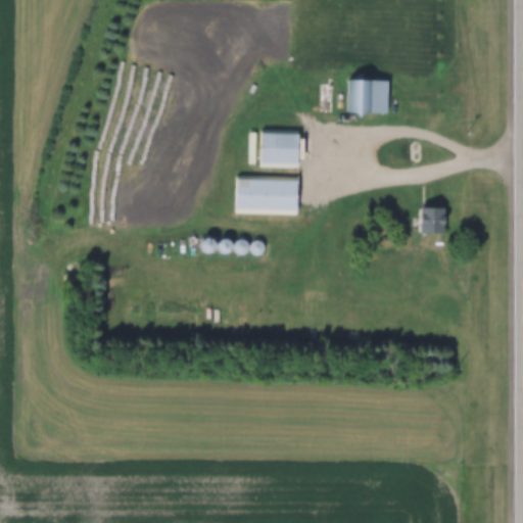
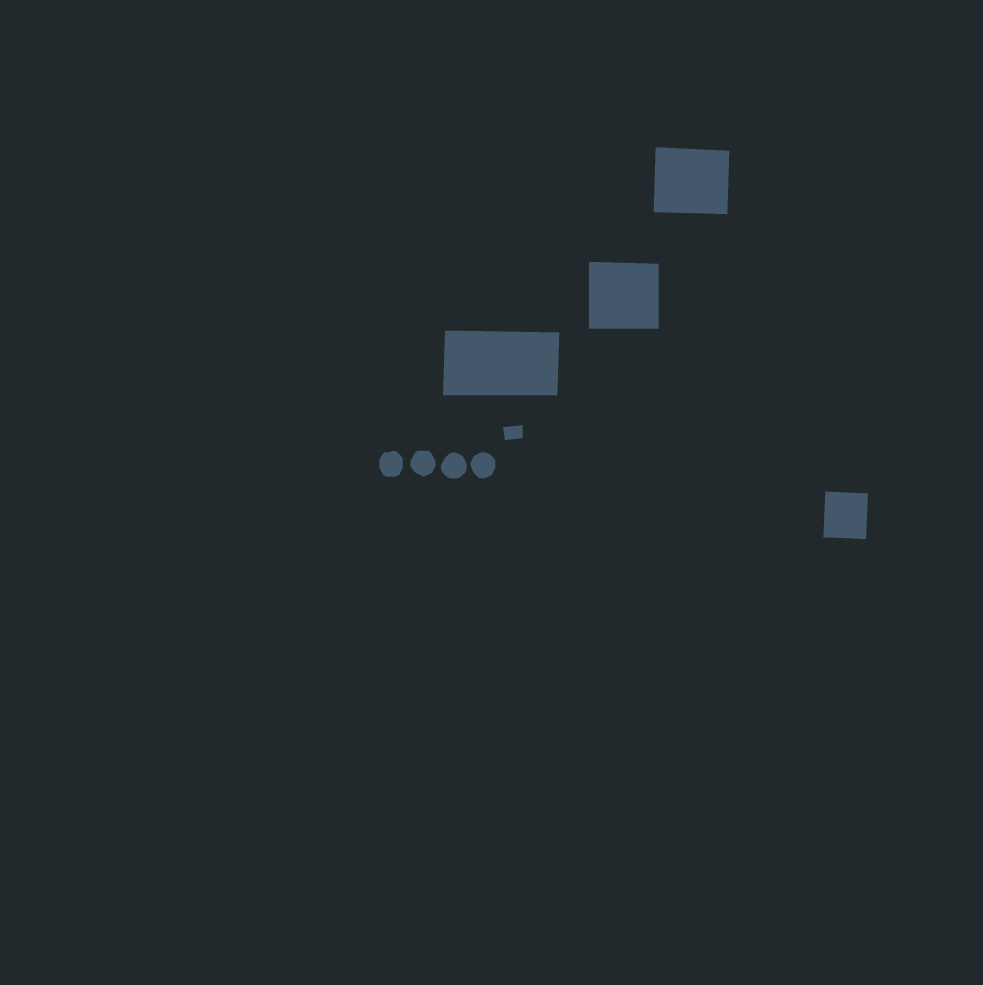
building: [260,129,298,164] -> [588,262,659,329]
building: [421,209,445,235] -> [823,491,869,539]

